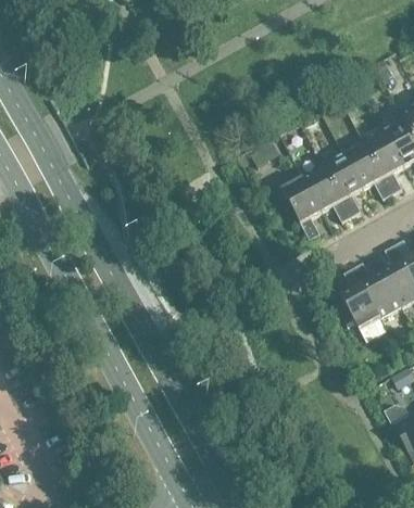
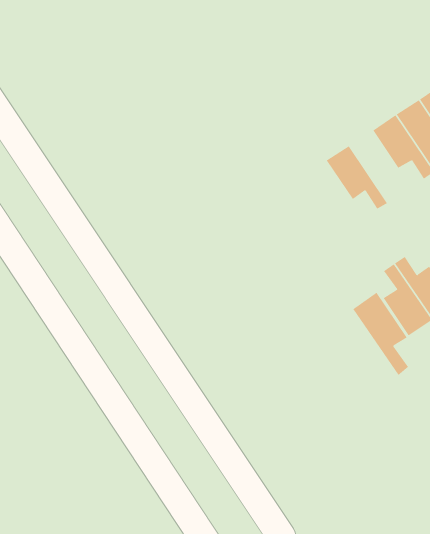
building: [324,154,363,216] -> none
building: [281,176,323,239] -> none
building: none -> [353,292,409,376]

